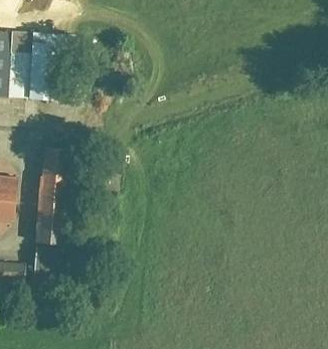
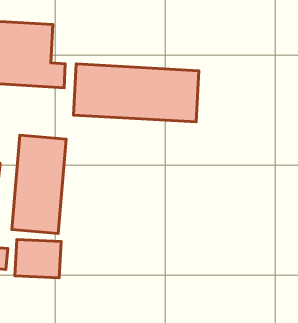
building: none -> [73,64,199,122]

